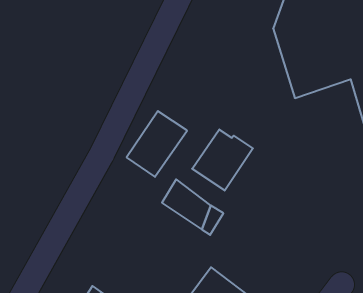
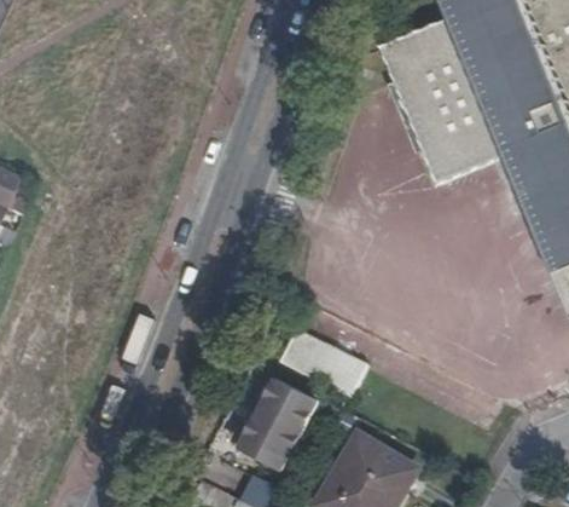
building: [127,111,187,177] -> [236,375,313,465]
building: [192,129,253,191] -> none

